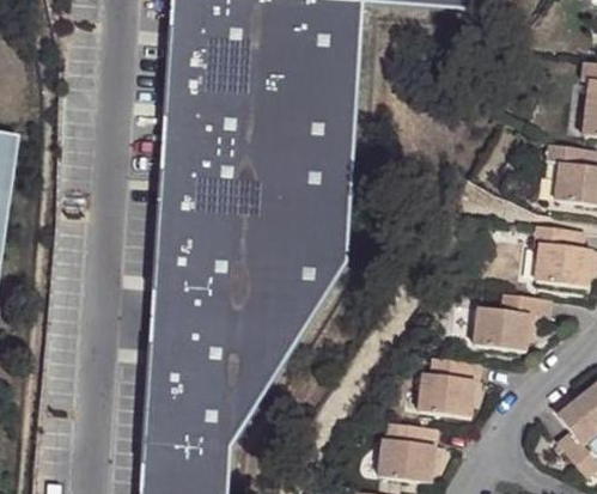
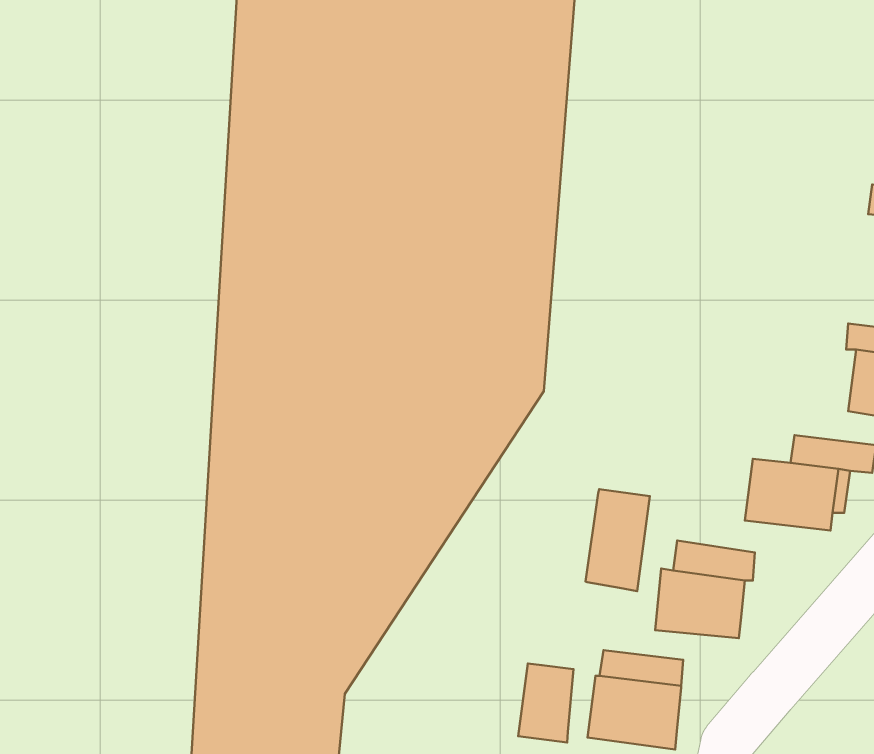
building: none -> [585,489,650,591]
building: none -> [518,664,574,742]

